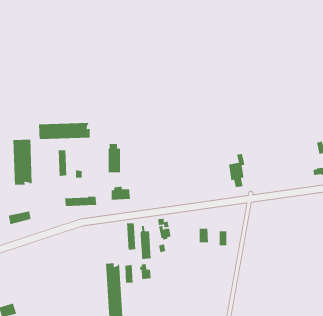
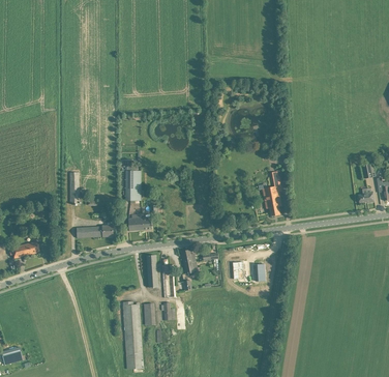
building: [38,122,91,140] -> none
building: [12,139,33,186] -> none

